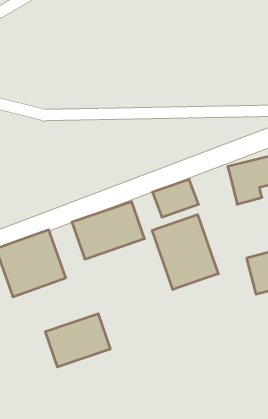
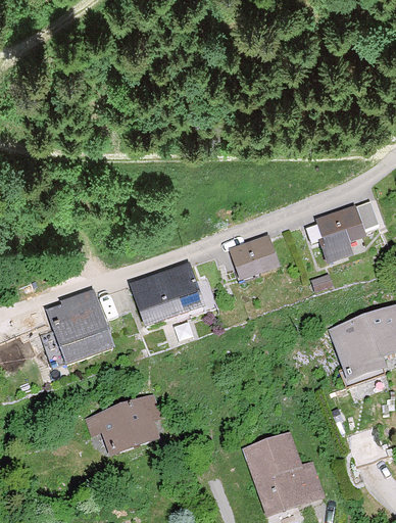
building: [152,215,218,290] -> none
building: none -> [245,434,324,513]

